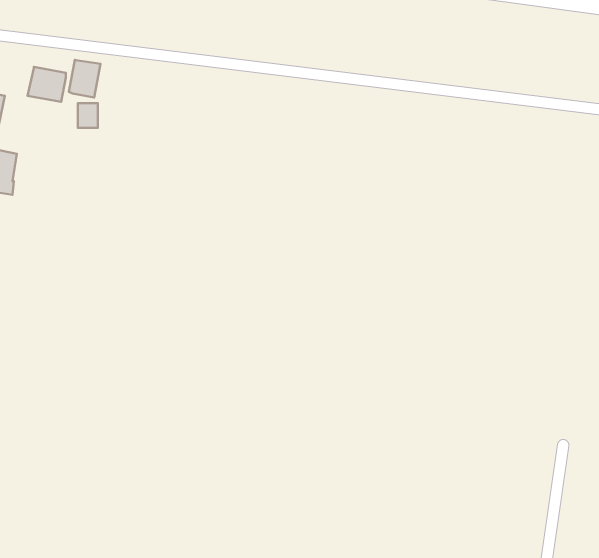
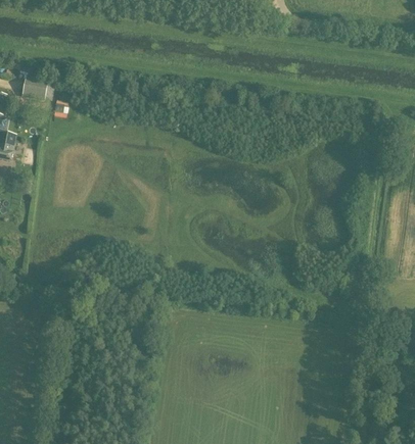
building: [69,60,100,97] -> none

